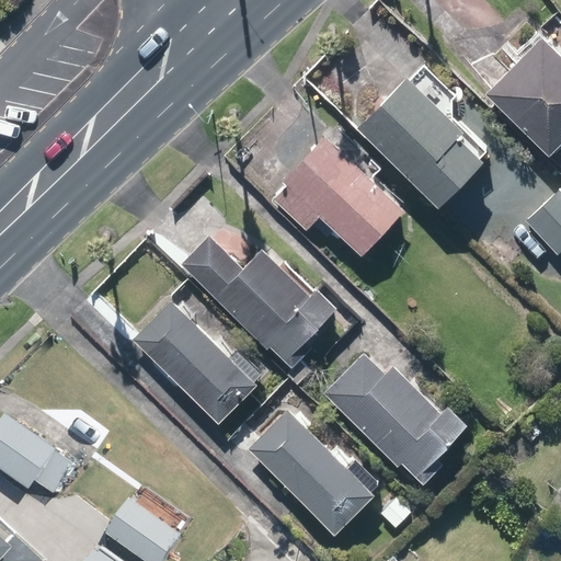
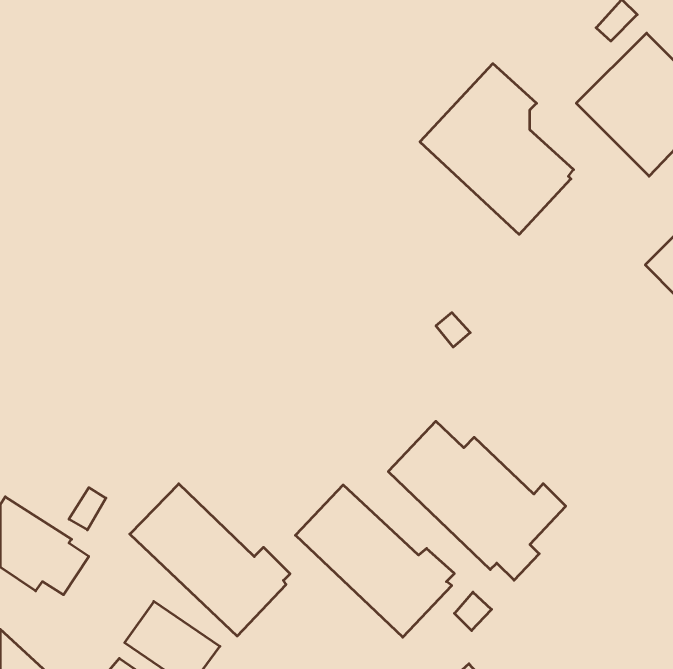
building: [270,138,403,255] -> none
building: [181,238,342,388] -> none
building: [129,298,262,424] -> [130,484,290,636]

